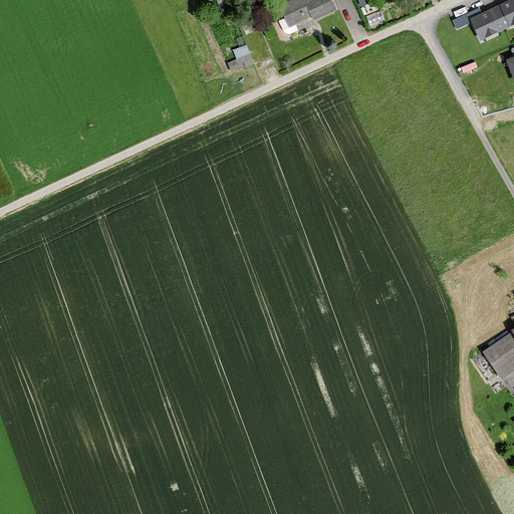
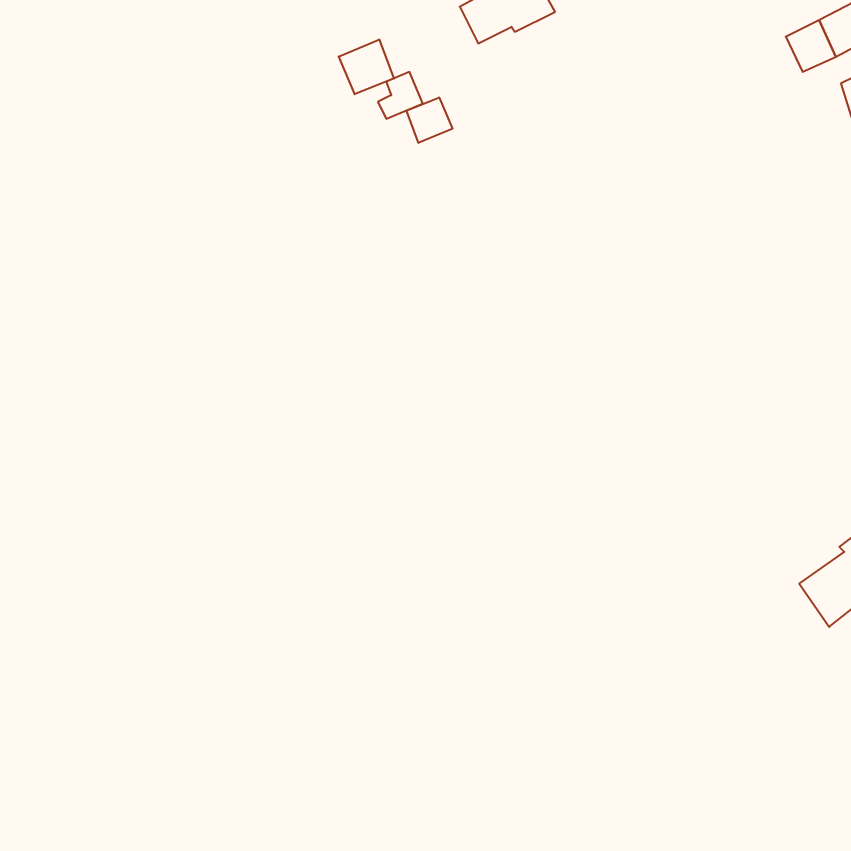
building: none -> [339,39,394,94]
building: none -> [406,97,452,143]

